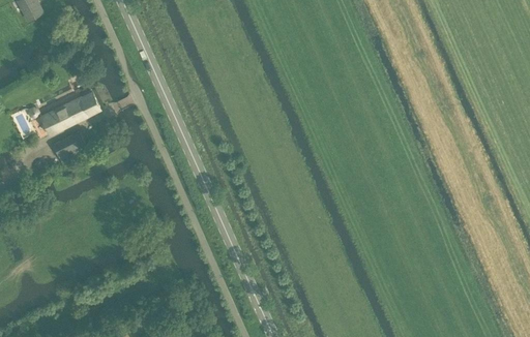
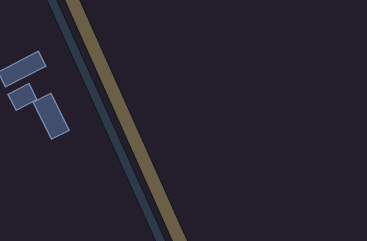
building: none -> [33,93,69,139]

